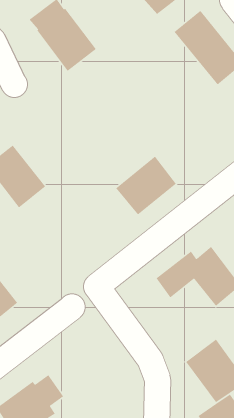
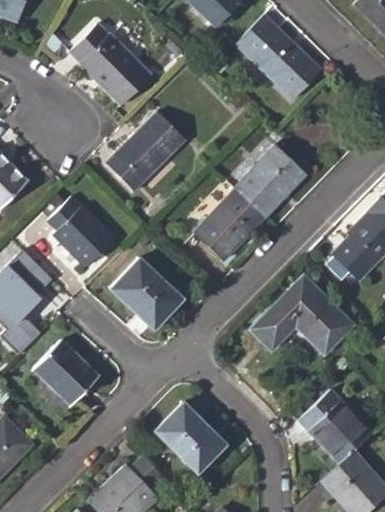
building: none -> [107,112,186,192]
building: none -> [235,147,305,218]
building: none -> [111,258,184,330]
building: none -> [156,403,225,474]

